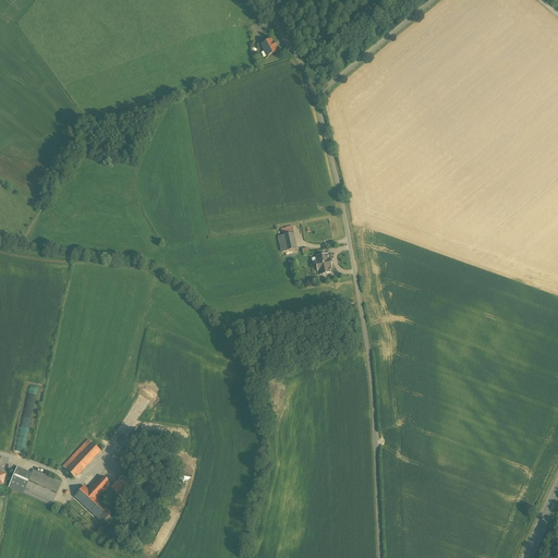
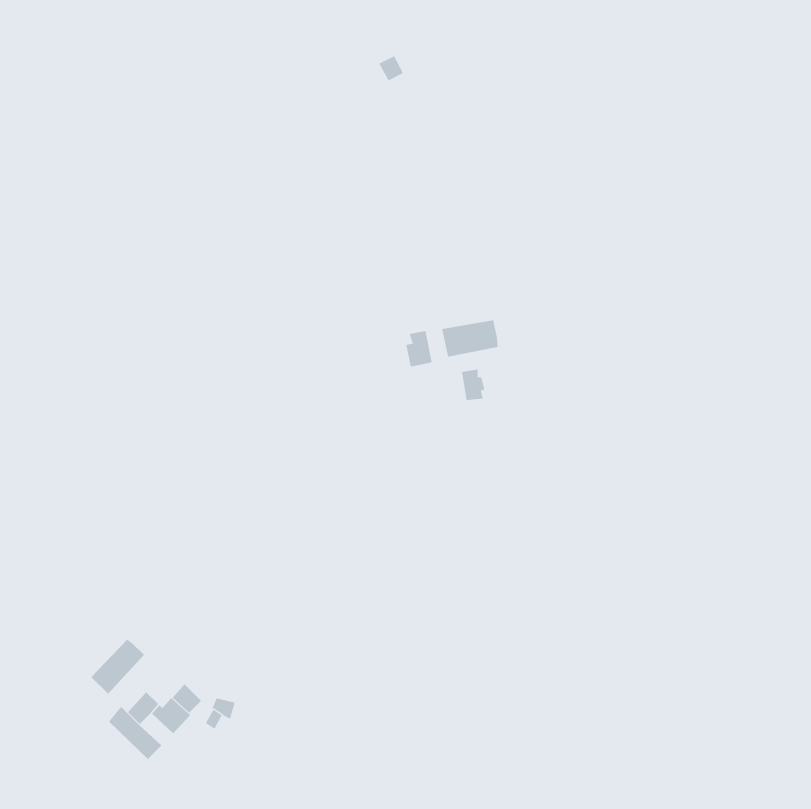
building: none -> [442,320,498,357]
building: [8,466,60,504] -> none

